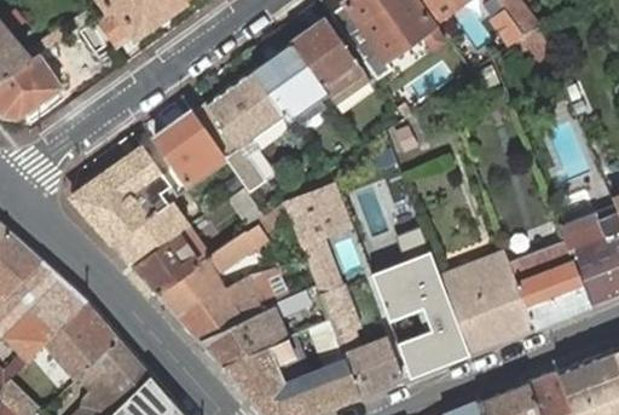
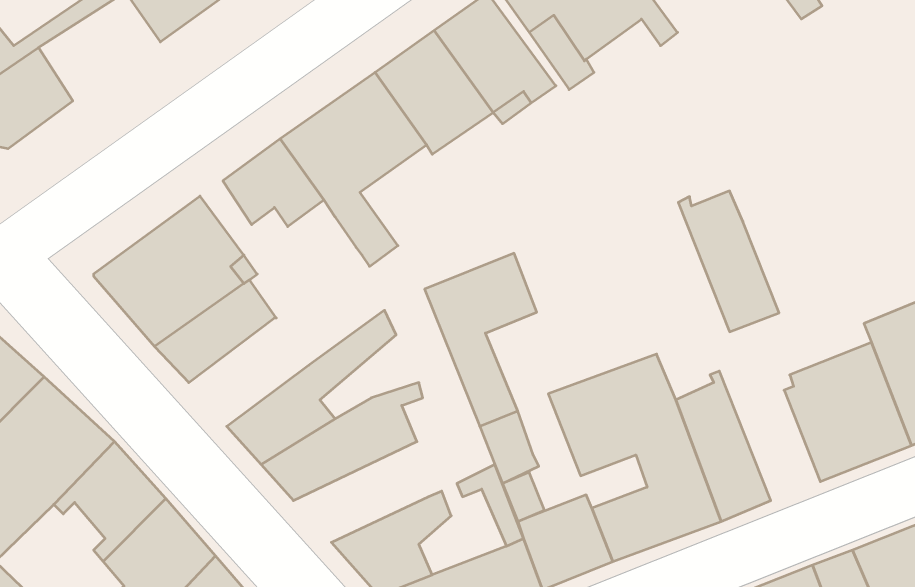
building: [133,225,209,294] -> none
building: [470,252,534,341] -> [678,191,779,332]
building: [199,301,288,368] -> none

